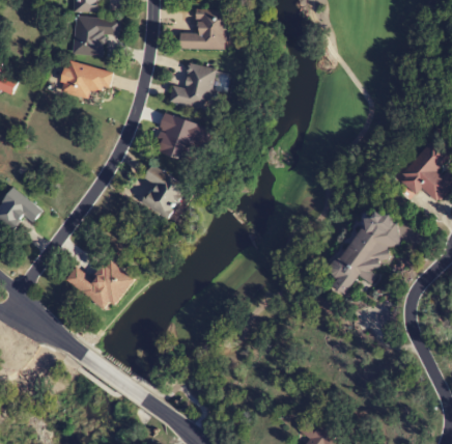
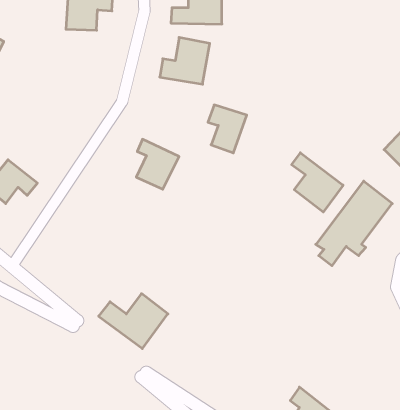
building: [59,60,112,98] -> none
building: [157,112,196,161] -> [208,105,247,153]
building: none -> [292,153,343,212]
building: [63,257,134,313] -> [99,294,168,349]

